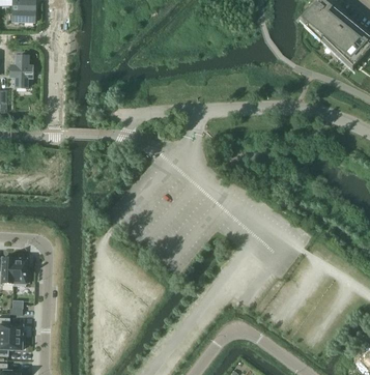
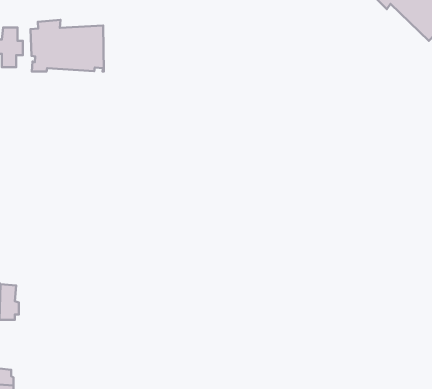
building: none -> [30,20,104,71]

